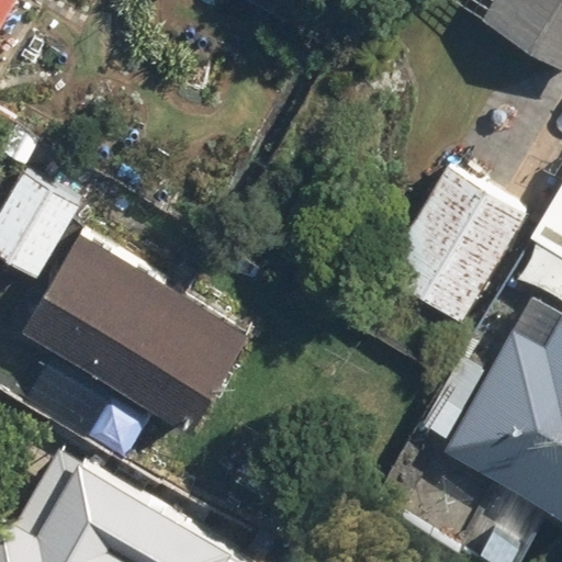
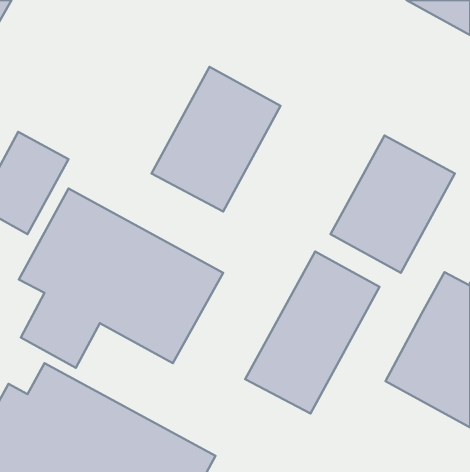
building: none -> [151,67,280,212]
building: none -> [245,251,379,414]

